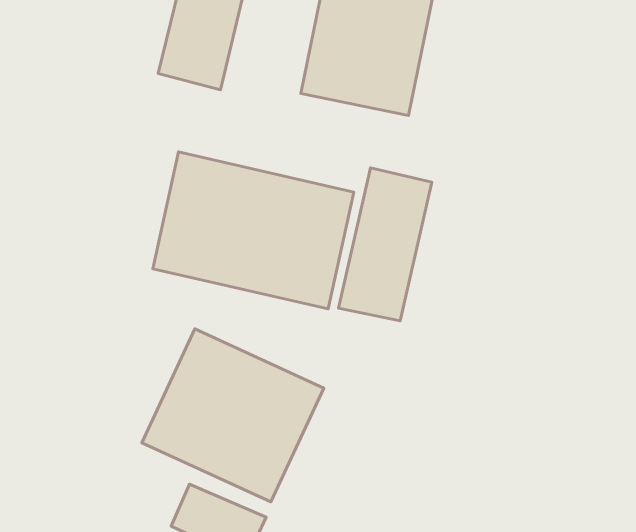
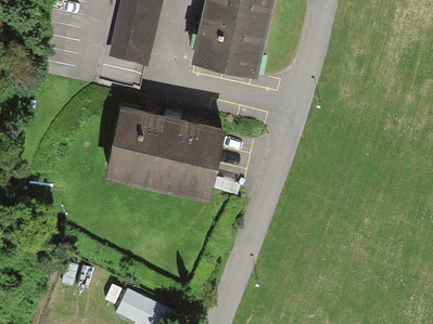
building: [338,168,432,321] -> none
building: [142,329,324,502] -> none

